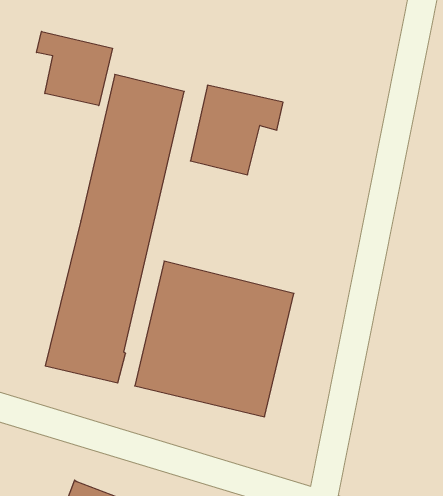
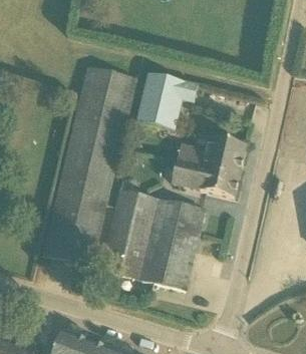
building: [37,31,112,106] -> none
building: none -> [173,135,245,196]

